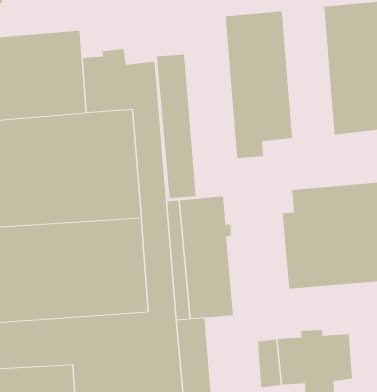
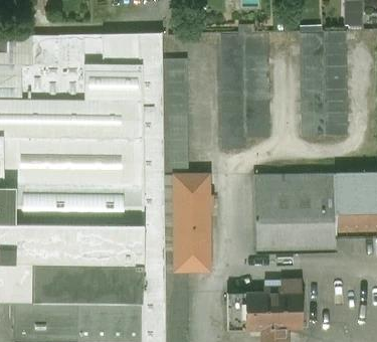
building: none -> [103,32,161,64]

